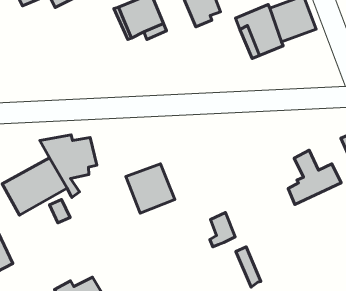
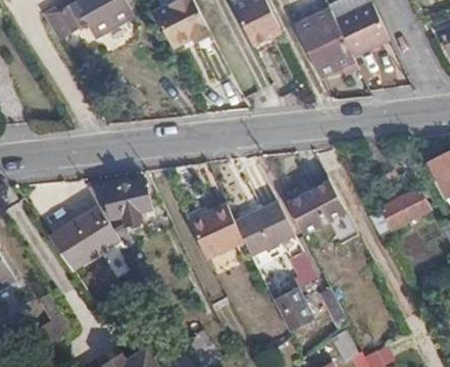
building: none -> [283,173,346,233]
building: none -> [234,196,293,253]
building: none -> [274,287,312,328]

